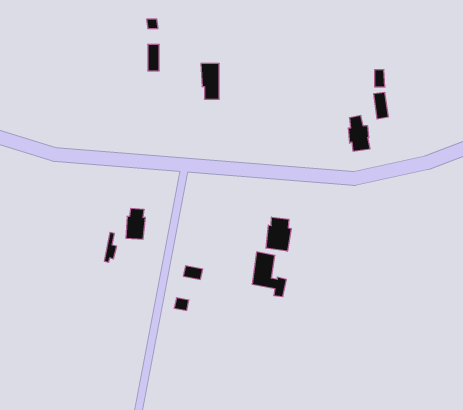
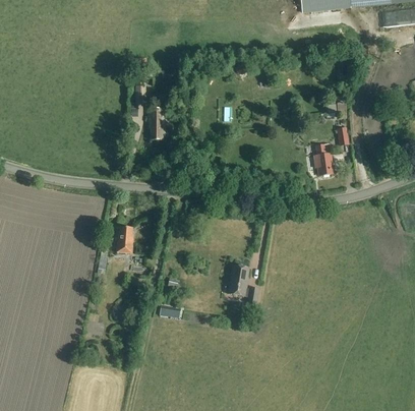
building: [201,64,219,99] -> [146,108,163,139]
building: [266,217,291,251] -> none

